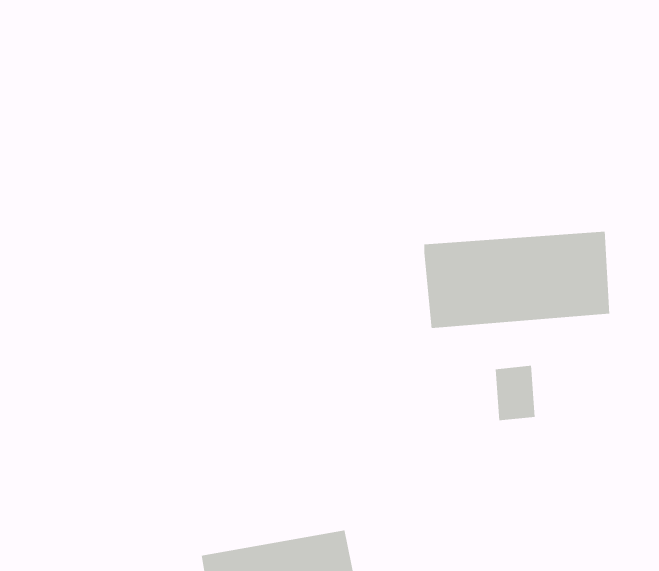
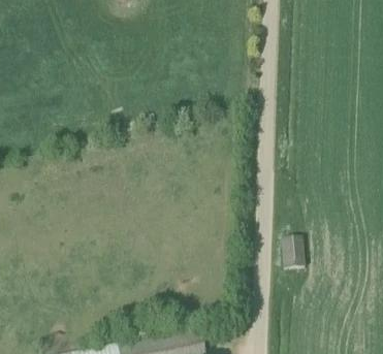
building: [424,231,610,329] -> none

